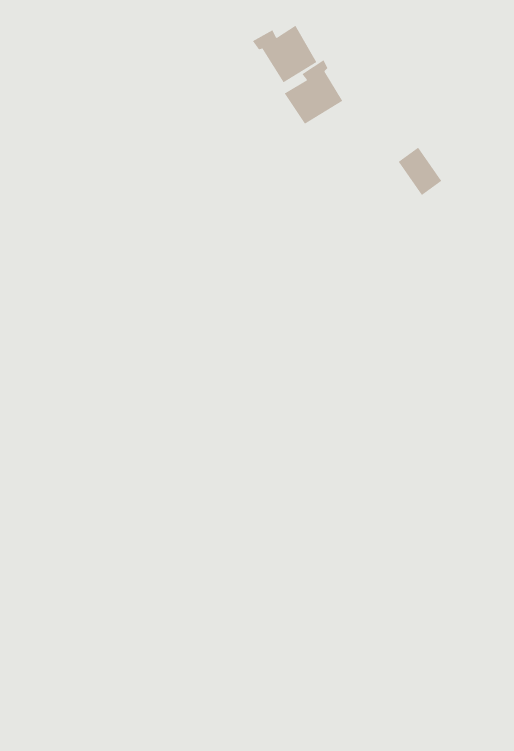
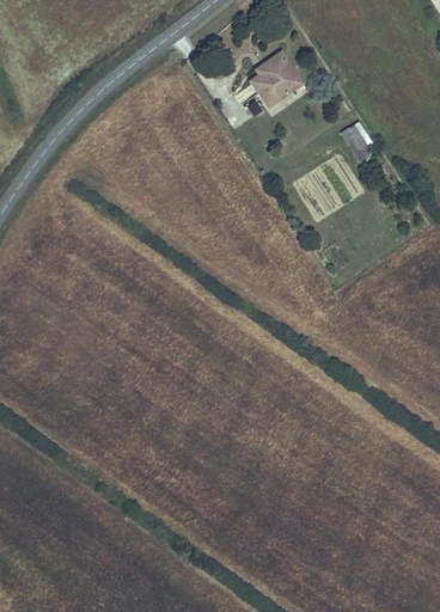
building: [252,25,317,83] -> none

